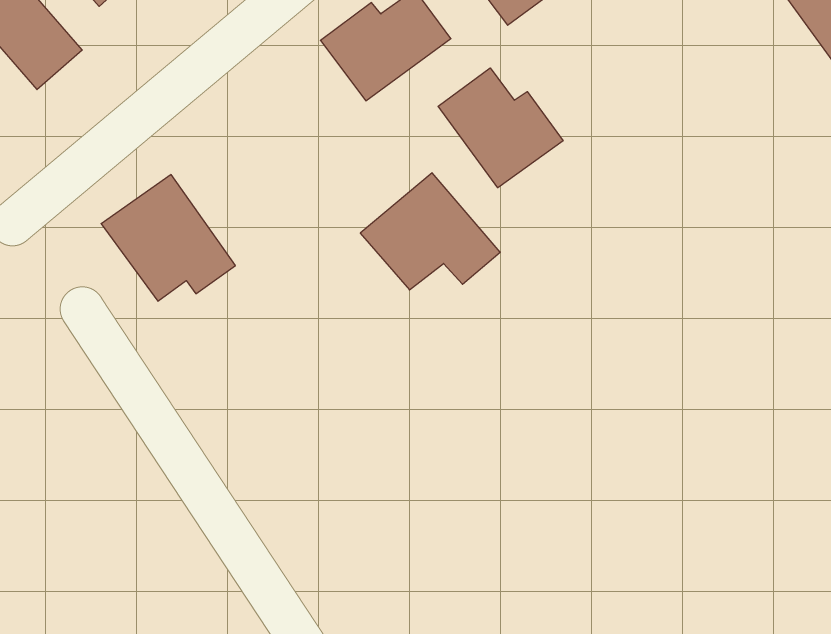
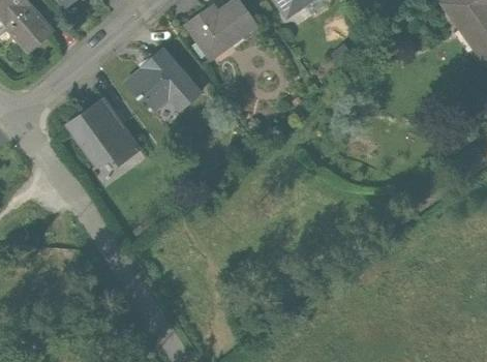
building: [438,68,563,188] -> none
building: [360,173,500,290] -> [125,49,202,113]

